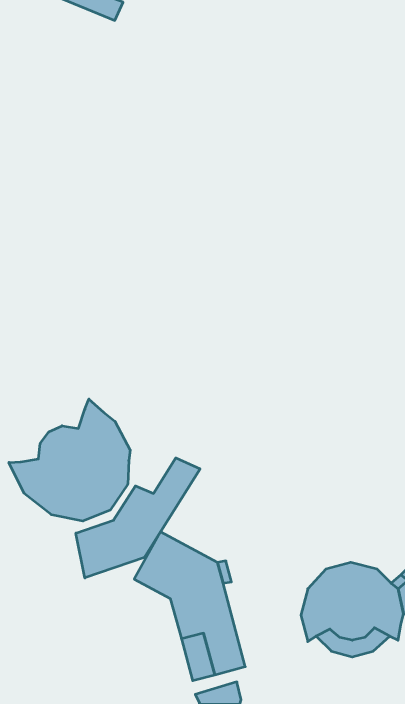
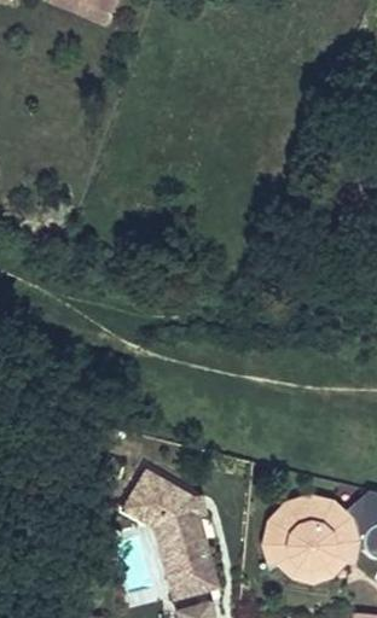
building: [9,399,130,521] -> none
building: [76,458,200,578] -> none

